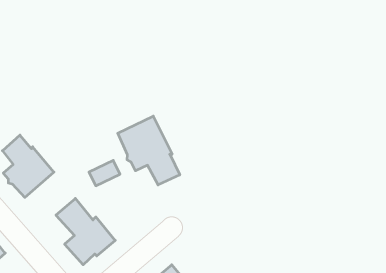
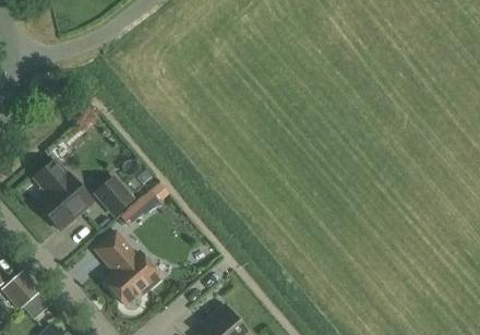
building: [118,116,180,185] -> none
building: none -> [95,176,133,214]

